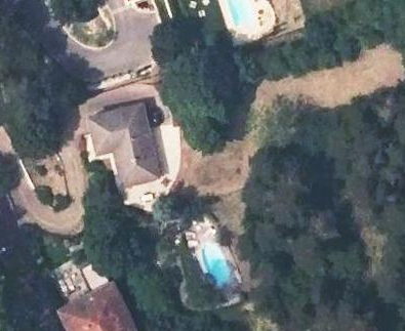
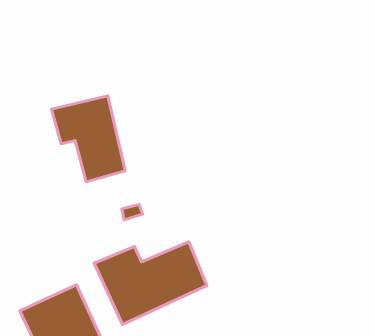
building: none -> [94,242,207,324]

